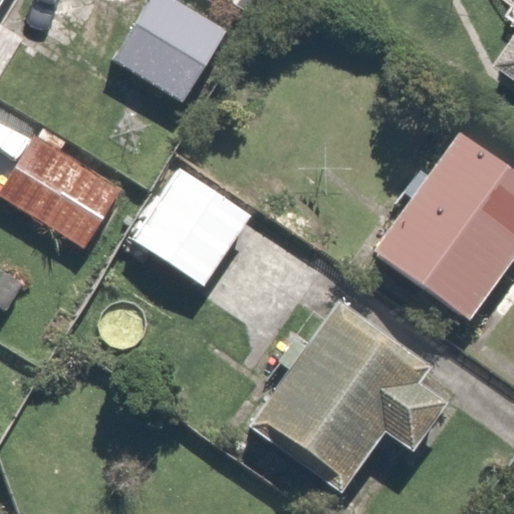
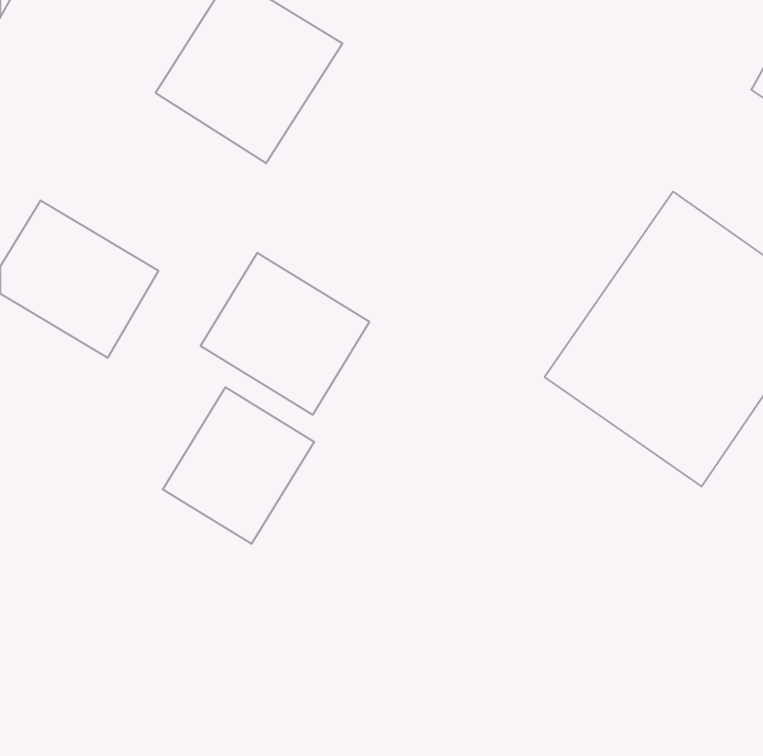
building: none -> [163,387,314,544]
building: [260,300,466,491] -> none

